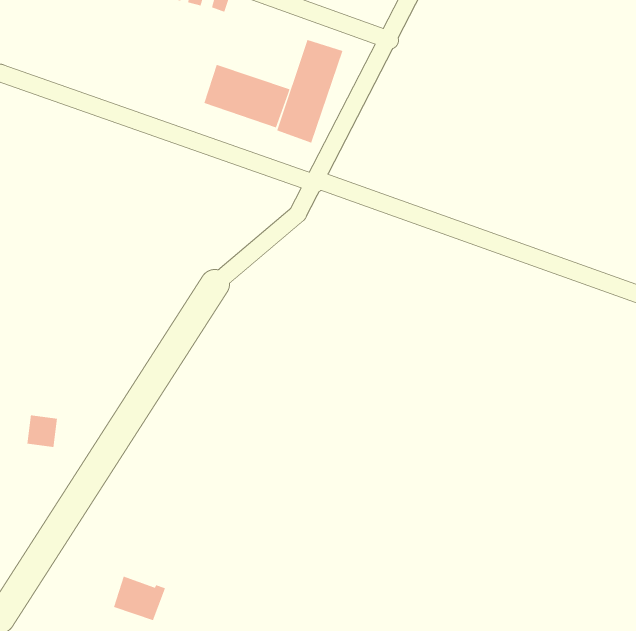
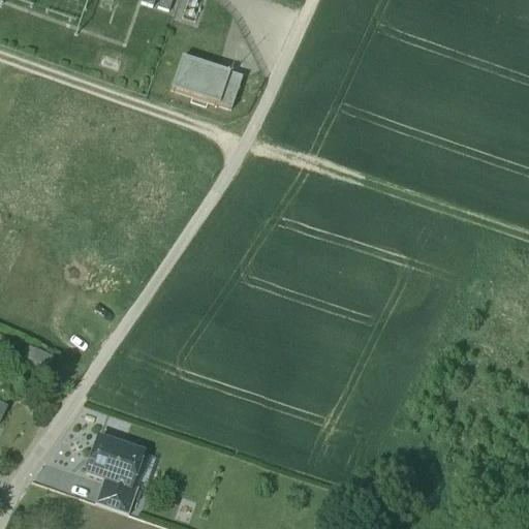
building: [276,39,343,144] -> none
building: none -> [90,433,145,483]

